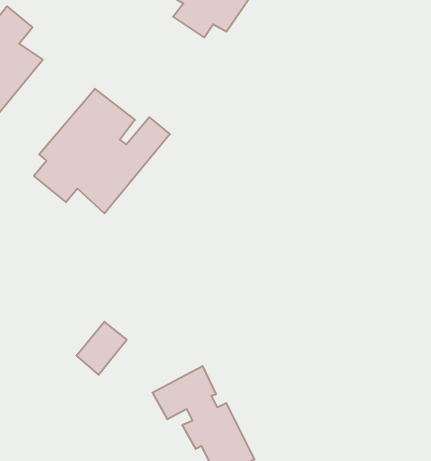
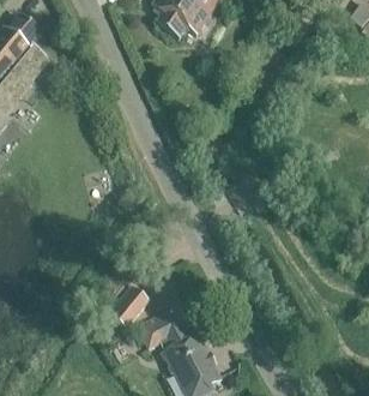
building: [34,89,170,213] -> none
building: [76,322,127,375] -> [110,286,151,329]

